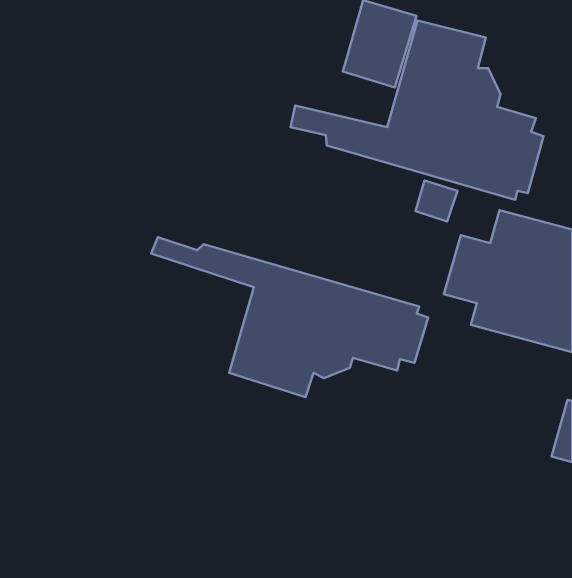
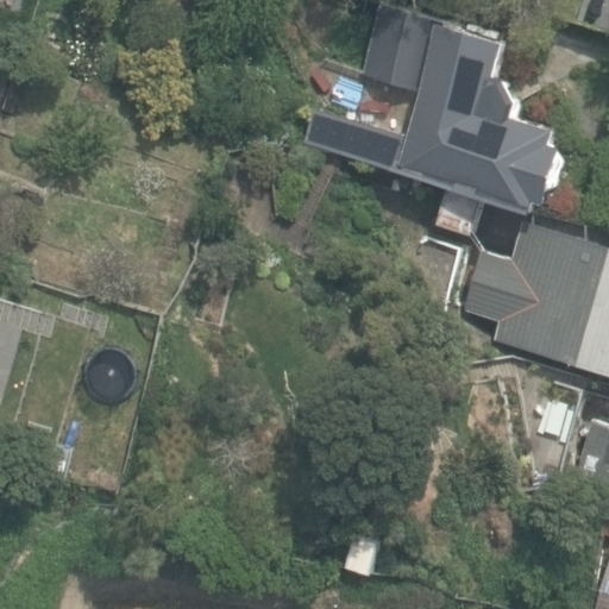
building: [151,237,428,397] -> none

